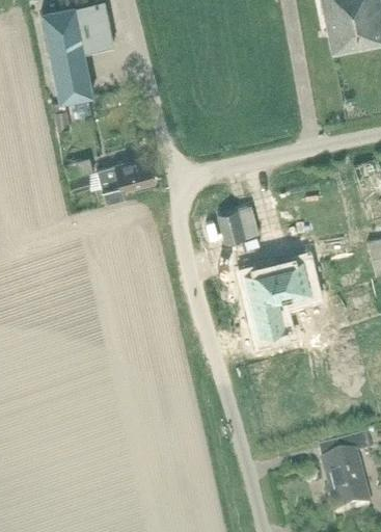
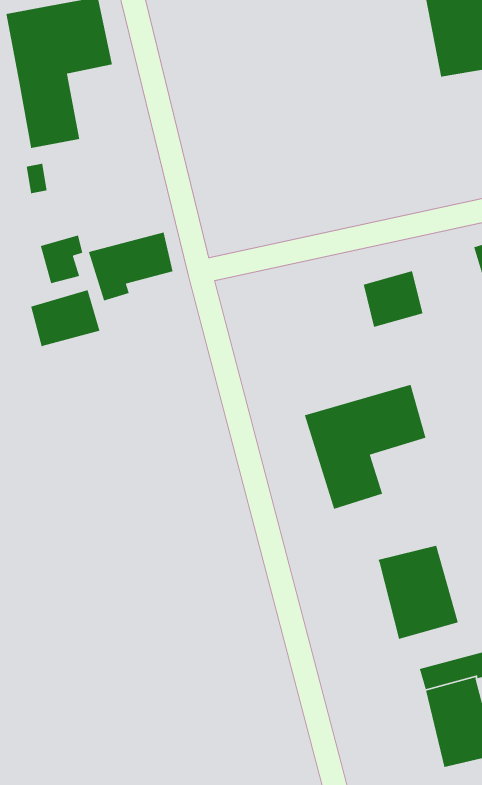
building: none -> [30,289,101,348]
building: [218,205,258,243] -> [363,270,423,328]
building: none -> [377,545,459,640]

